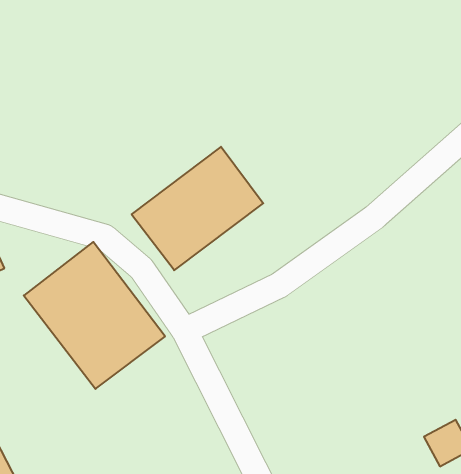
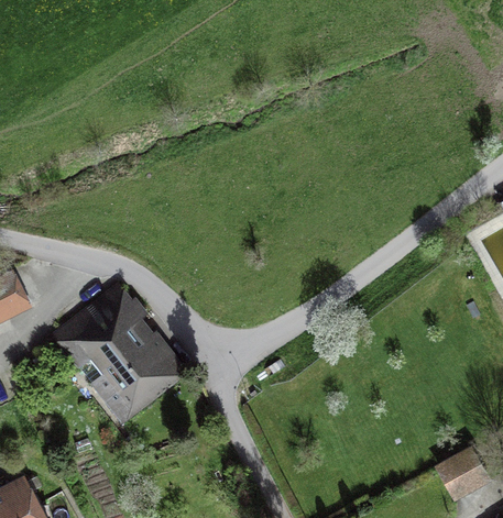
building: [132,147,263,270] -> none

